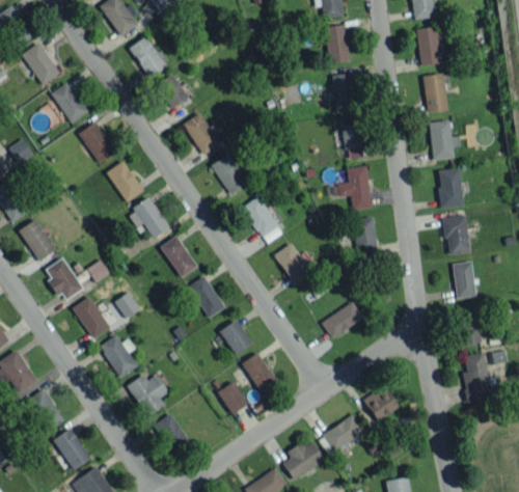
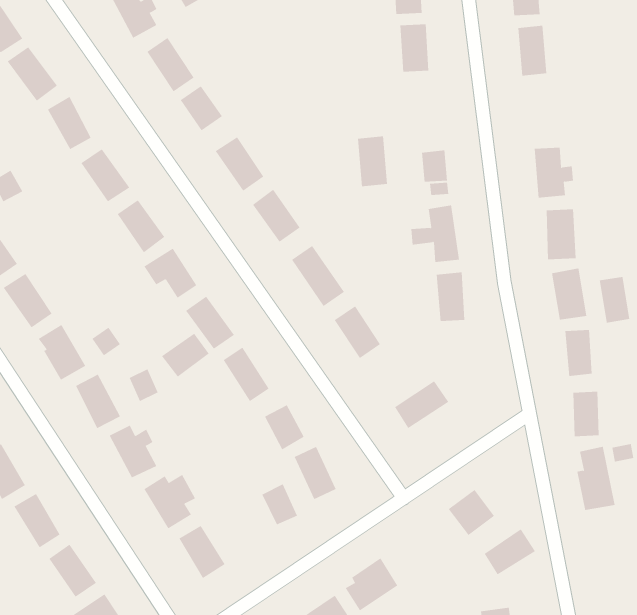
building: [333,73,357,112] -> [357,136,388,187]
building: [422,73,448,113] -> none
building: none -> [599,276,630,324]
building: none -> [161,333,209,378]
building: [324,414,364,450] -> [484,528,536,575]

